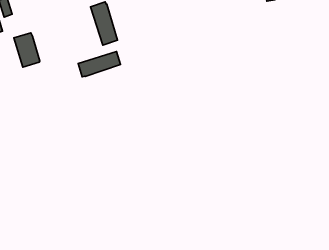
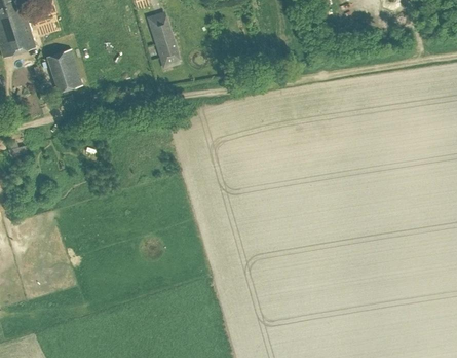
building: [78,51,121,77] -> none

